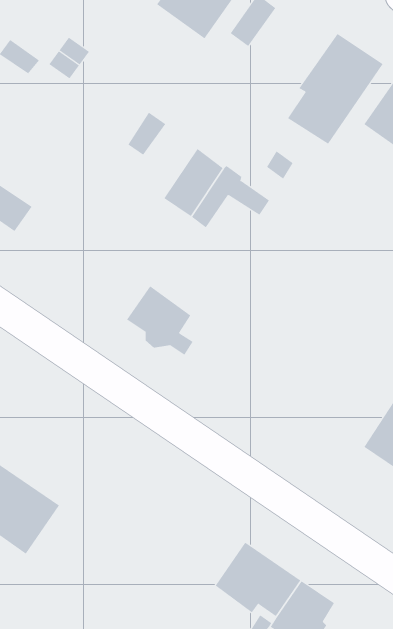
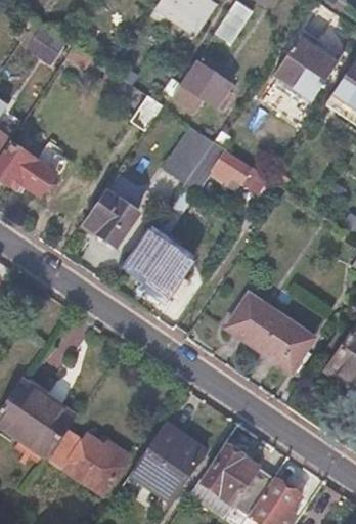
building: none -> [183,60,232,106]
building: none -> [82,186,137,244]
building: none -> [225,292,311,368]
building: none -> [137,426,206,500]
building: none -> [53,430,131,494]

